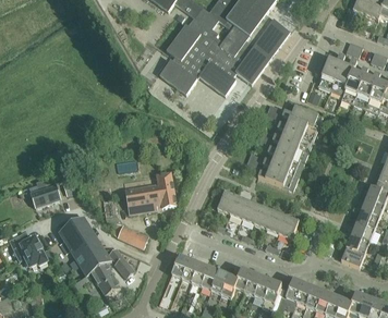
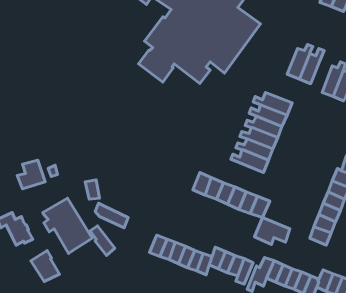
building: [340,65,367,103] -> none
building: [125,171,178,211] -> none
building: none -> [255,218,290,244]
building: [89,260,120,293] -> [31,251,60,281]

